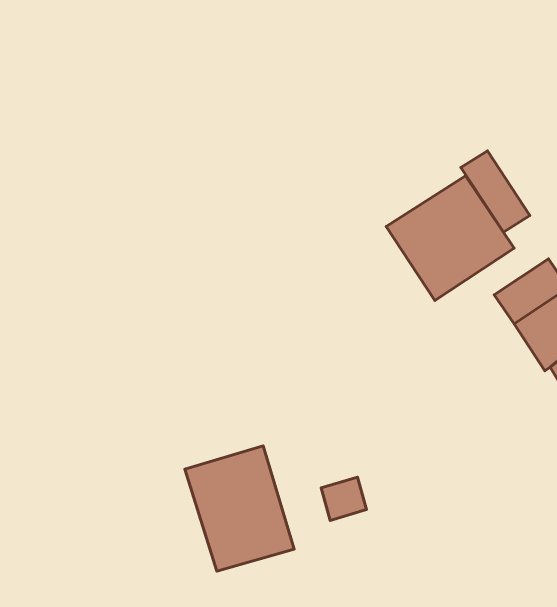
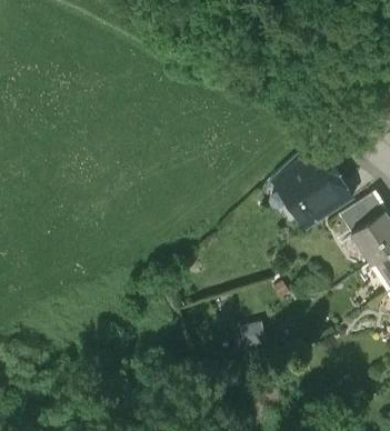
building: [461,151,530,232] -> none
building: [185,446,294,571] -> none

